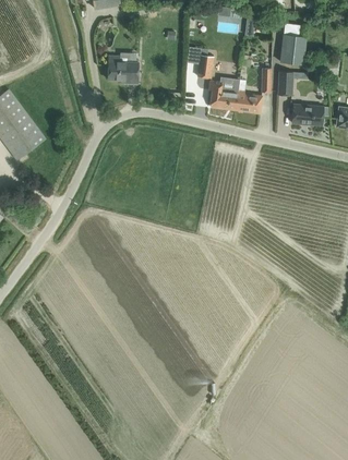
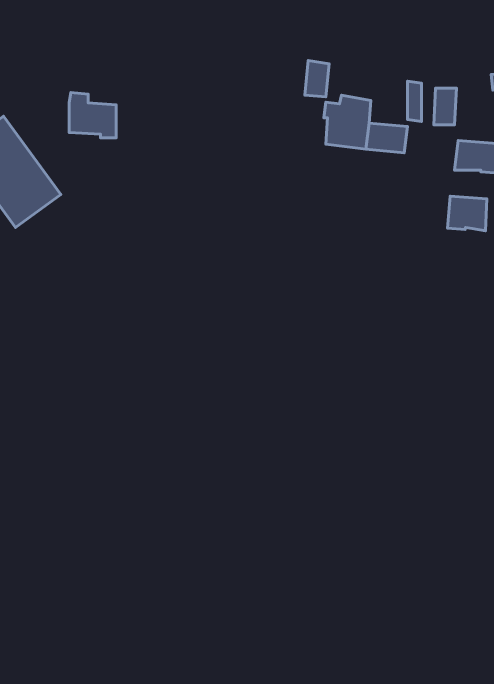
building: [280,34,307,64] -> none
building: [108,55,137,83] -> [69,92,116,138]
building: none -> [448,196,487,231]

